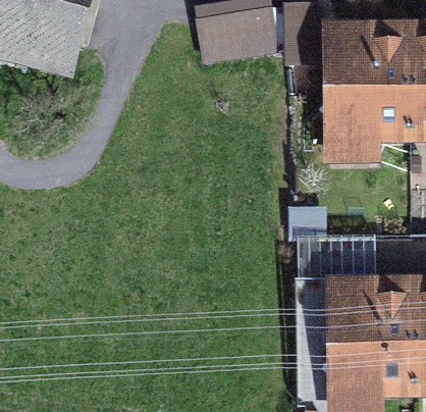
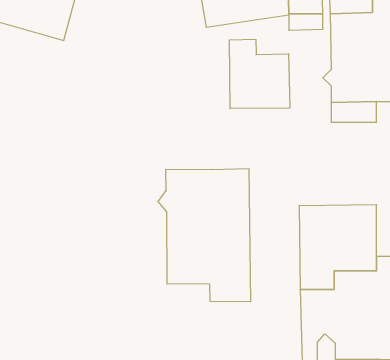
building: none -> [229,39,290,109]
building: none -> [158,169,250,302]

